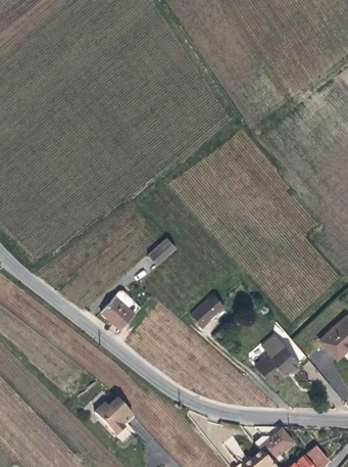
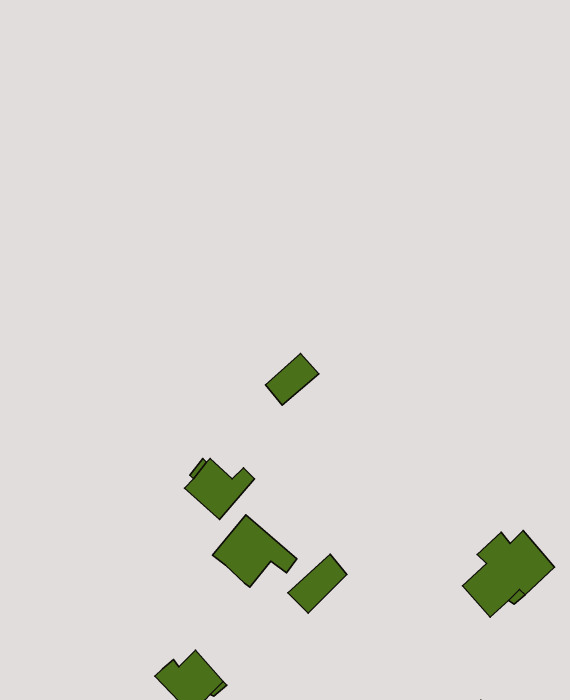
building: [194,295,227,328] -> [288,554,347,613]
building: none -> [212,515,297,587]

